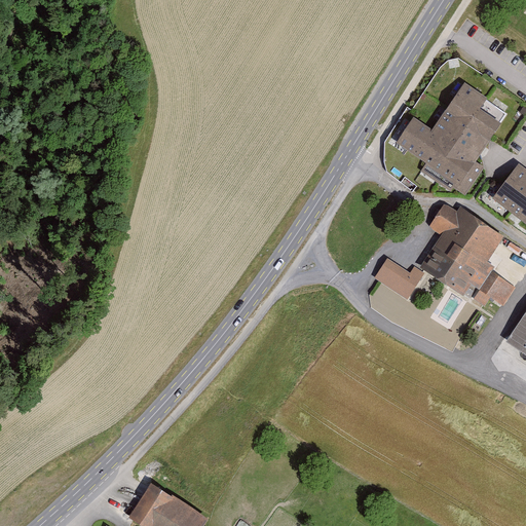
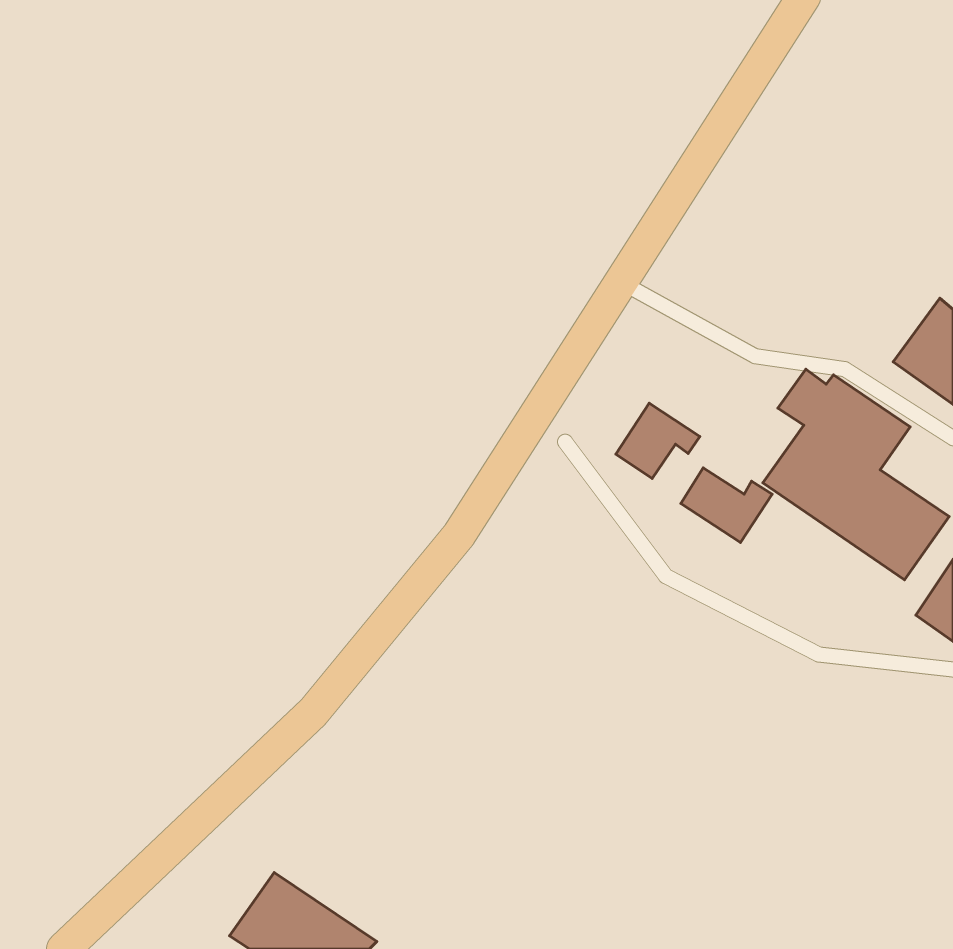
building: [396,83,501,195] -> none
building: none -> [616,403,700,479]

